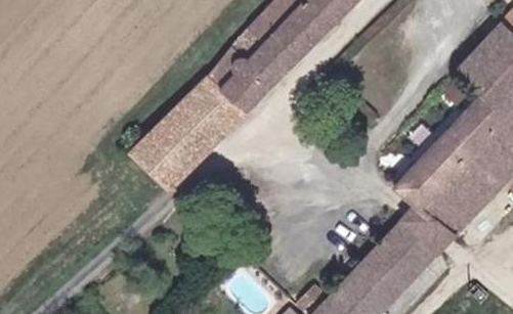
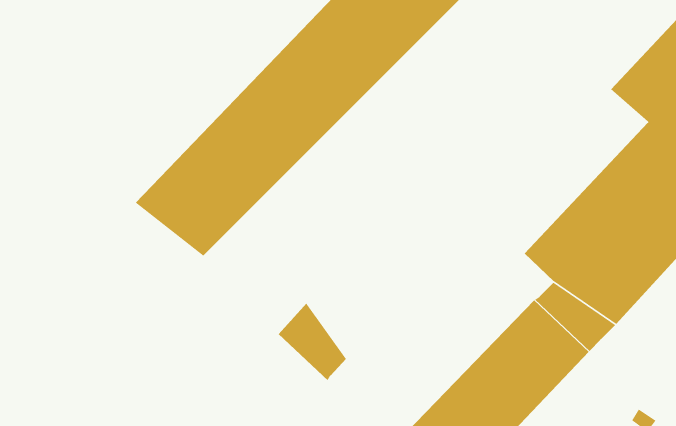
building: none -> [278,303,347,381]

